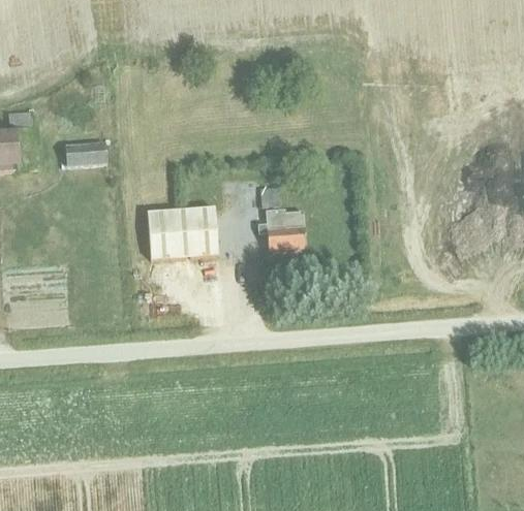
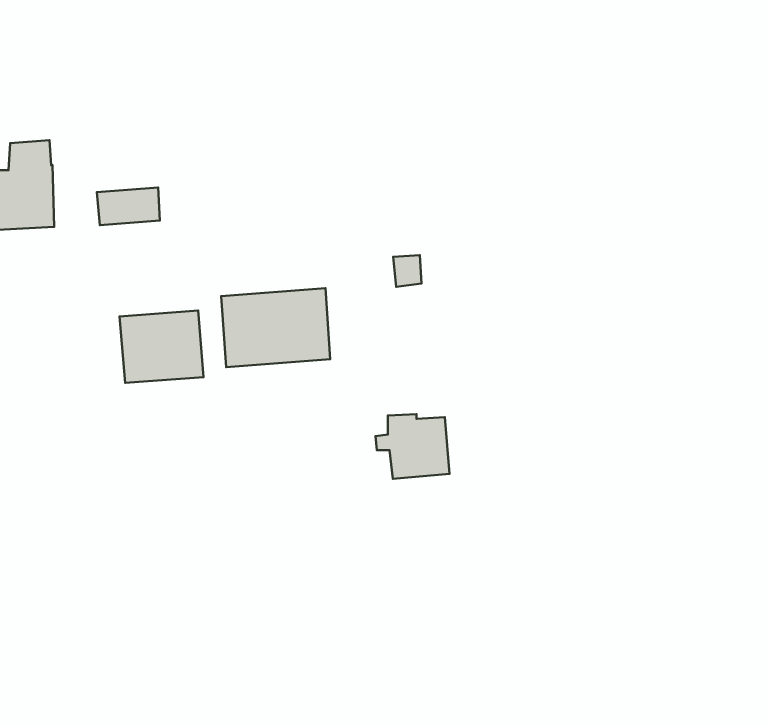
building: [256,207,305,250] -> [375,414,449,479]
building: none -> [120,310,204,383]

